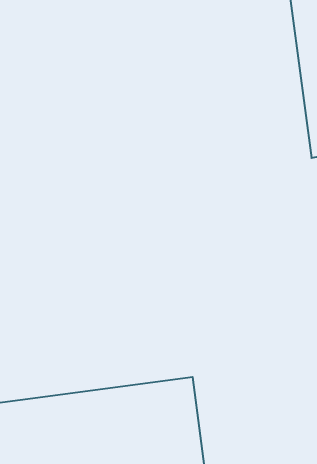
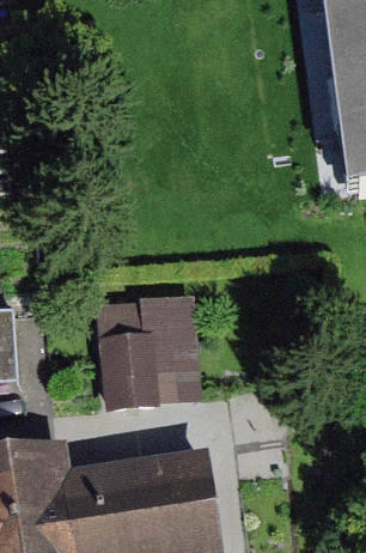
building: none -> [100,299,201,401]

